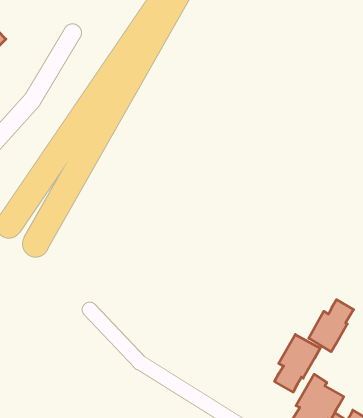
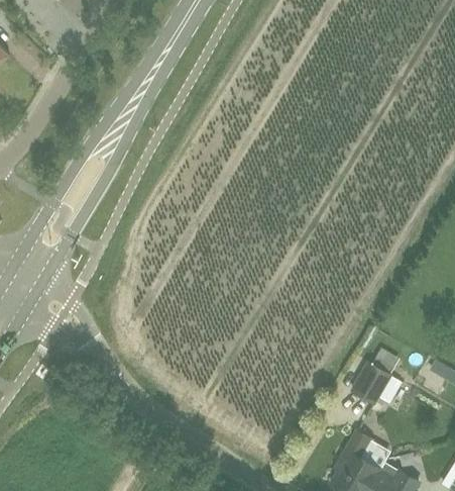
building: [275,334,320,392] -> none

